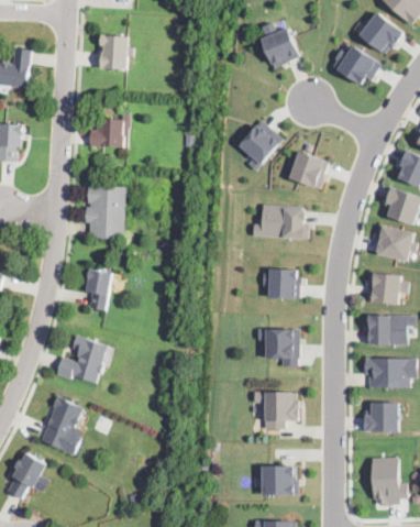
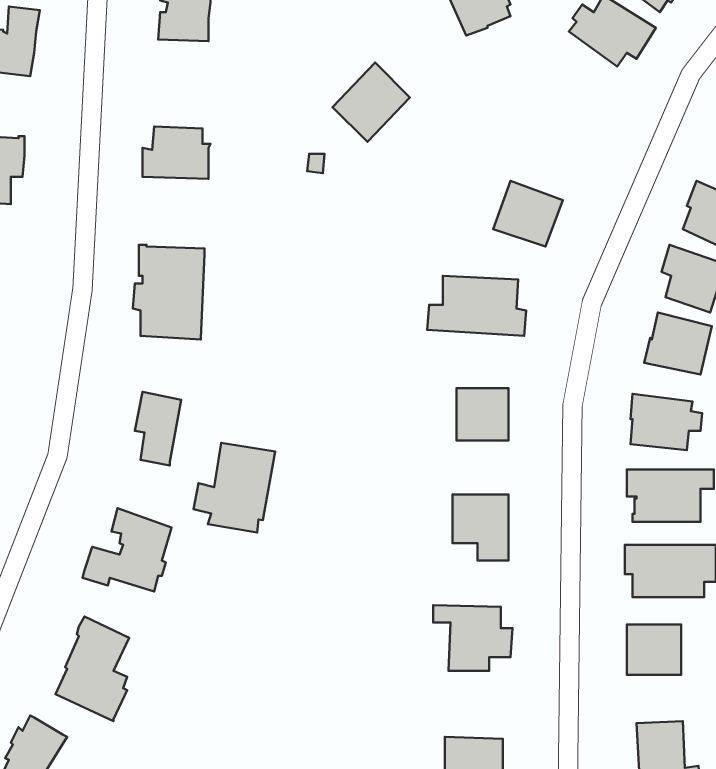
building: [239,119,283,164] -> [333,63,410,142]
building: none -> [193,443,275,533]

